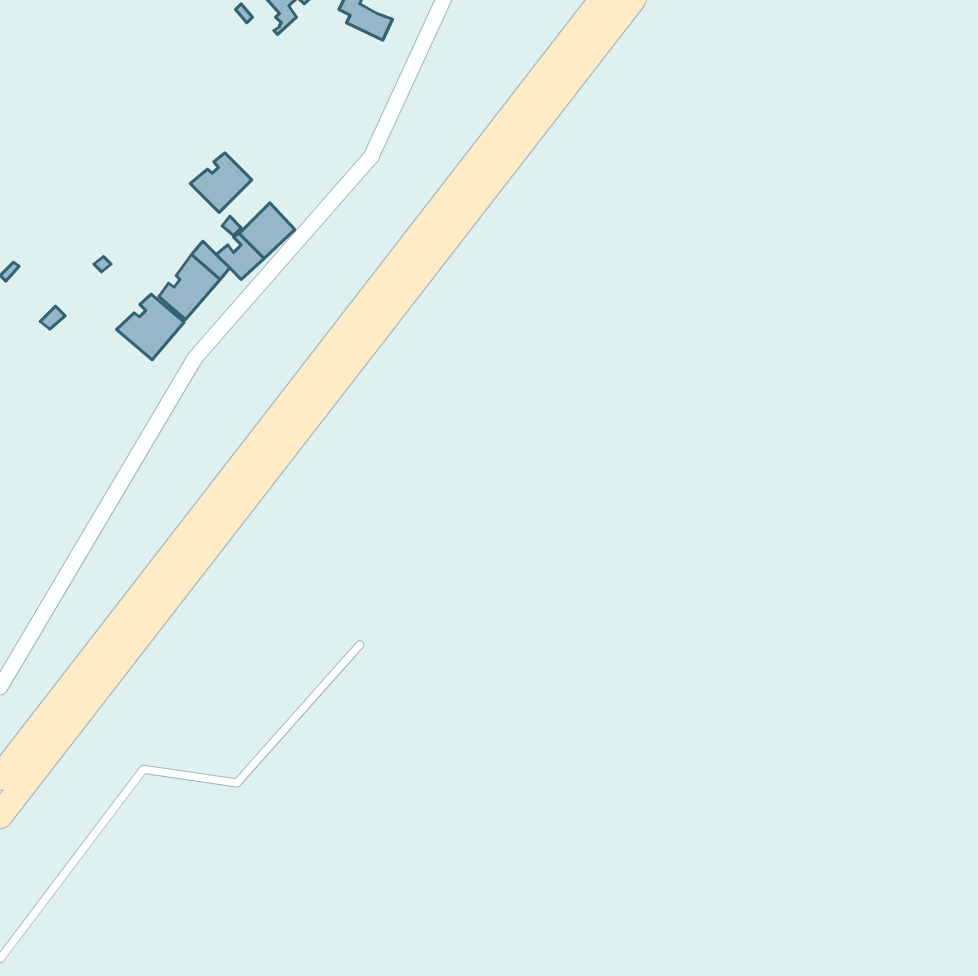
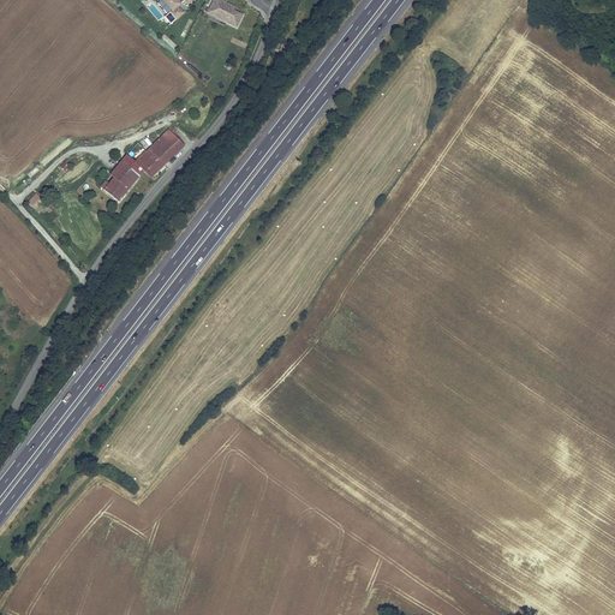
building: [190,153,252,213] -> none
building: [116,294,184,360] -> none

